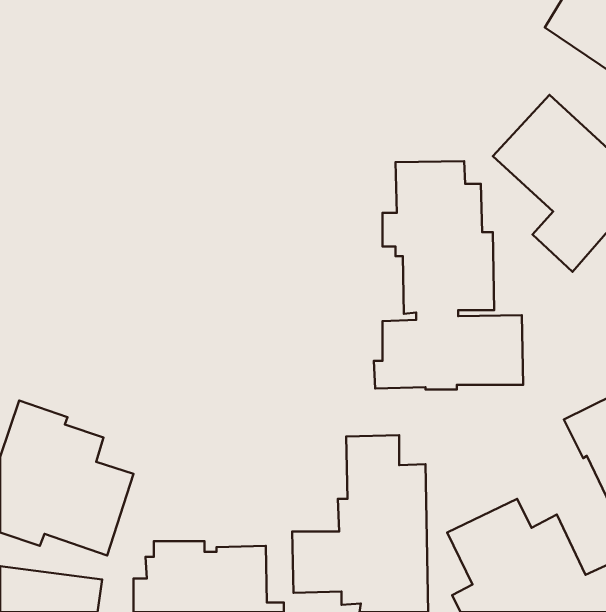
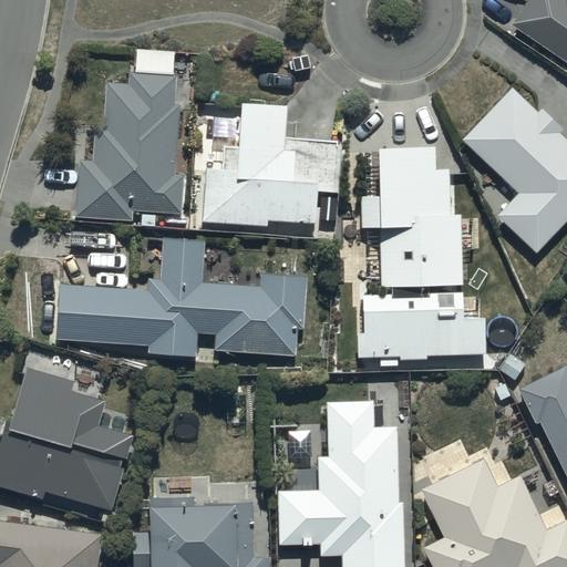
building: none -> [75,59,184,220]
building: none -> [203,103,341,227]
building: none -> [56,240,308,357]

